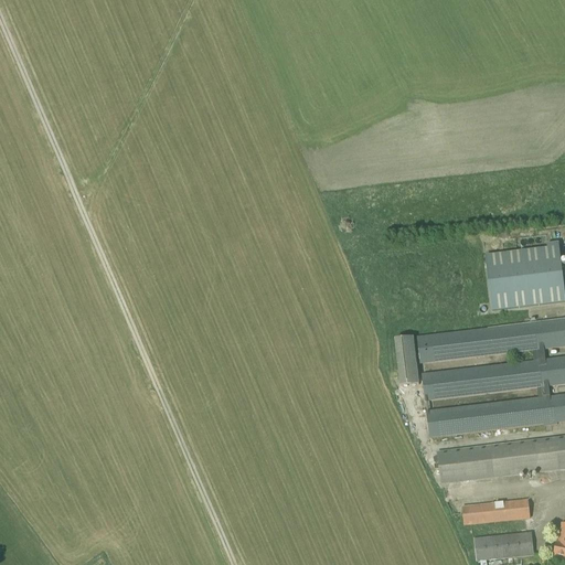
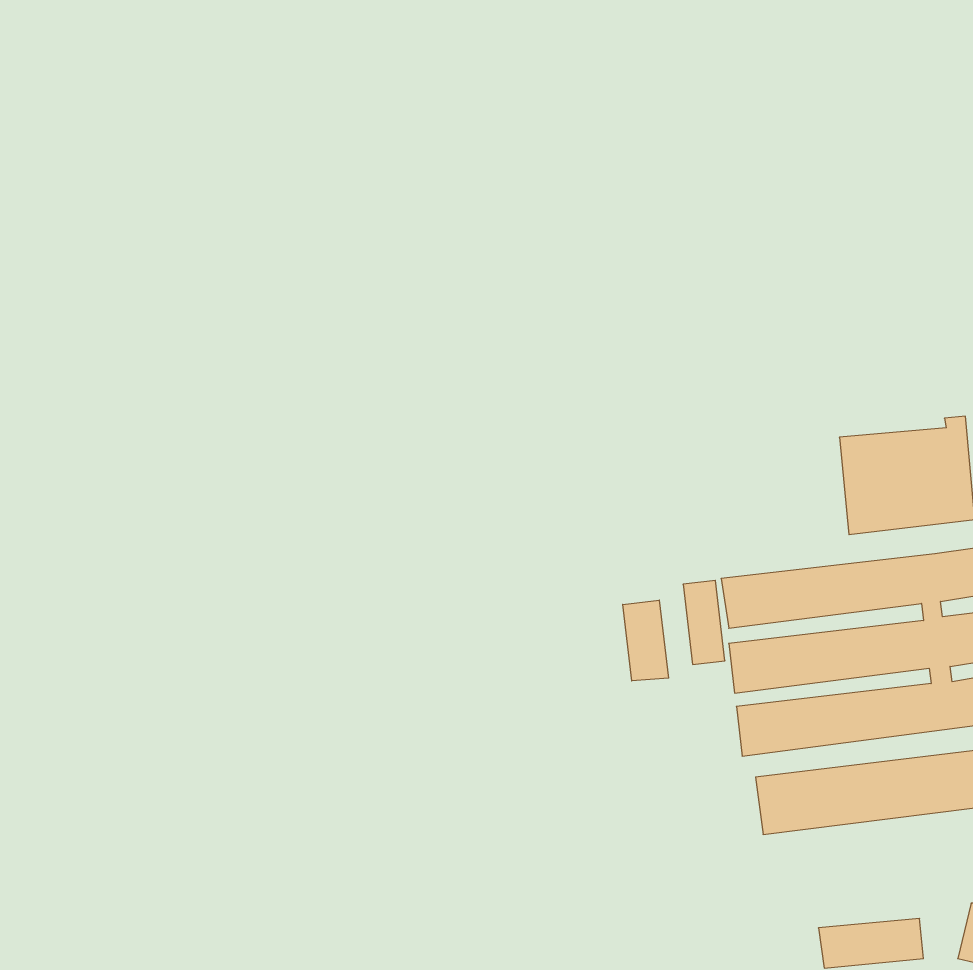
building: none -> [623,600,669,681]
building: [463,498,532,524] -> none

